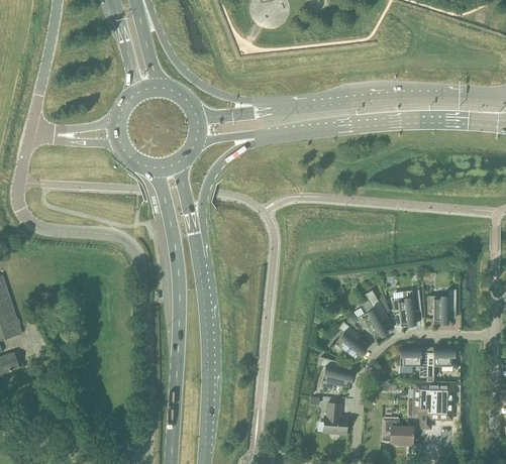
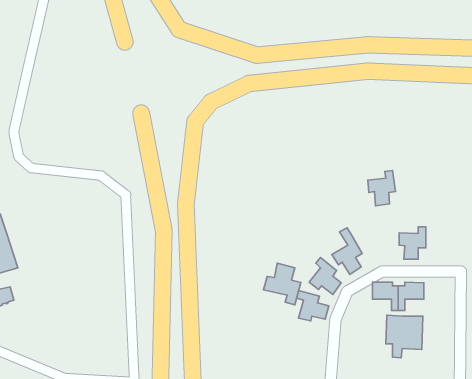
building: [392,289,421,327] -> [368,171,395,206]
building: none -> [263,263,301,305]
building: [323,403,346,434] -> none
building: [382,418,412,445] -> none

